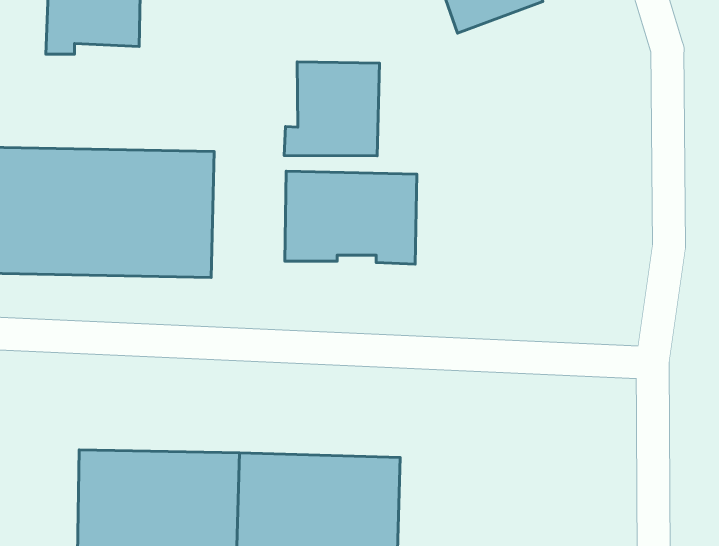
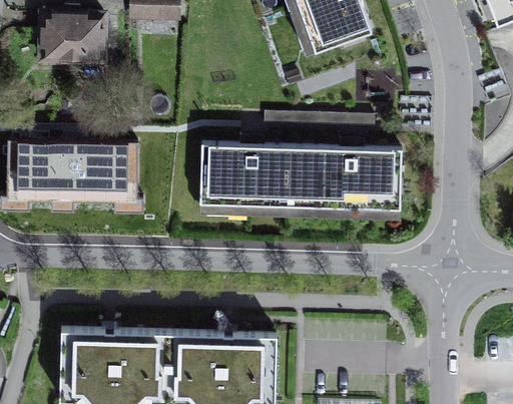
building: [284,62,379,156] -> none
building: none -> [286,147,400,211]

